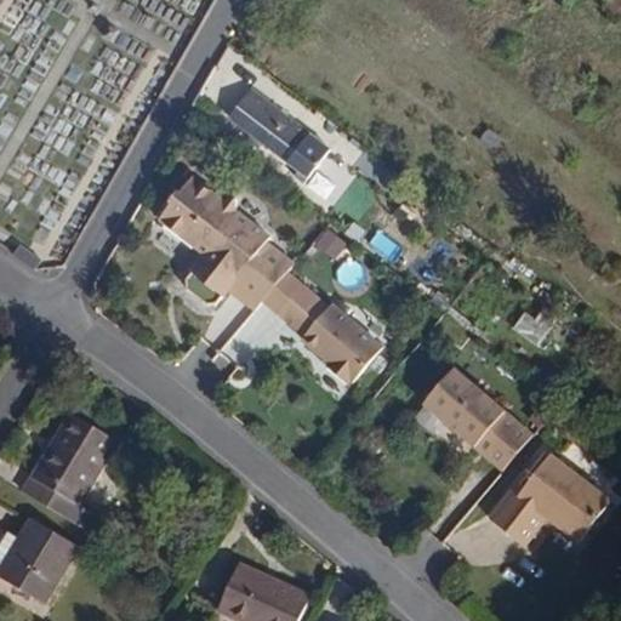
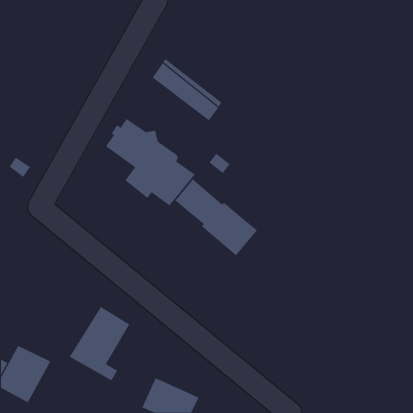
building: [421,365,537,473] -> none
building: [12,416,104,529] -> [69,306,130,381]
building: [492,451,614,543] -> none

